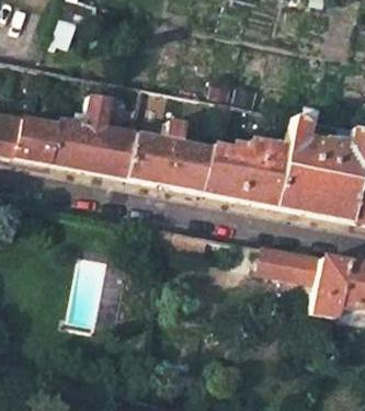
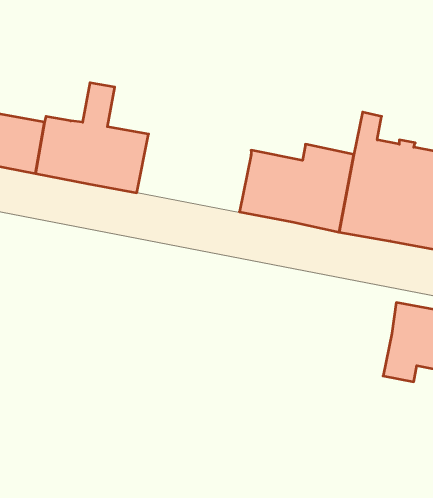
building: [128,132,214,190] -> none
building: [262,247,322,281] -> none

